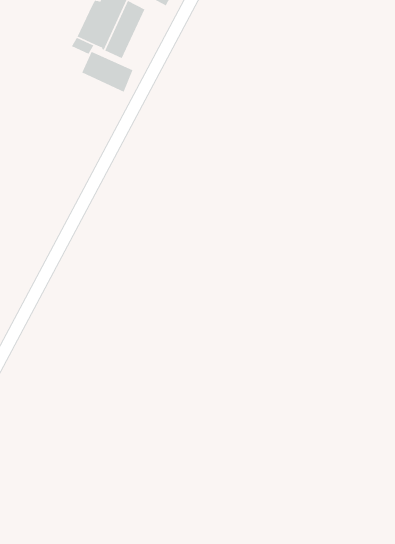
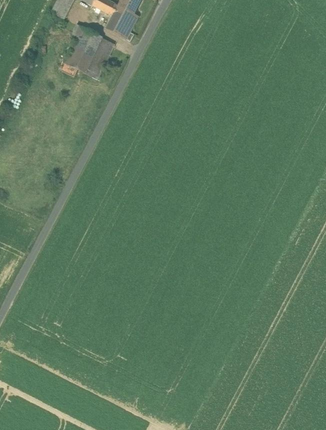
building: [81,51,134,93] -> none

